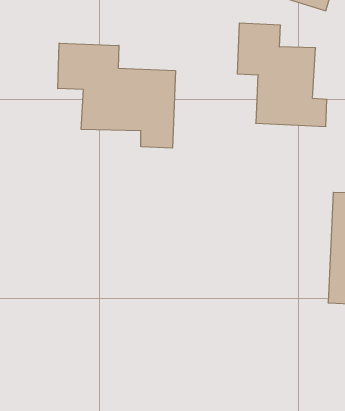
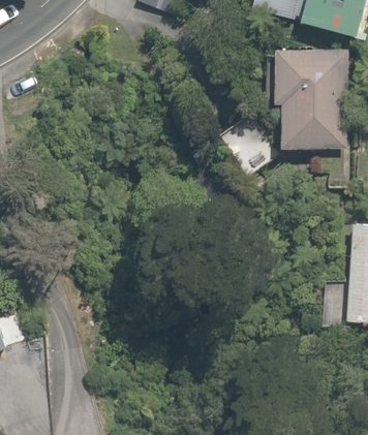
building: [58,43,175,148] -> none

